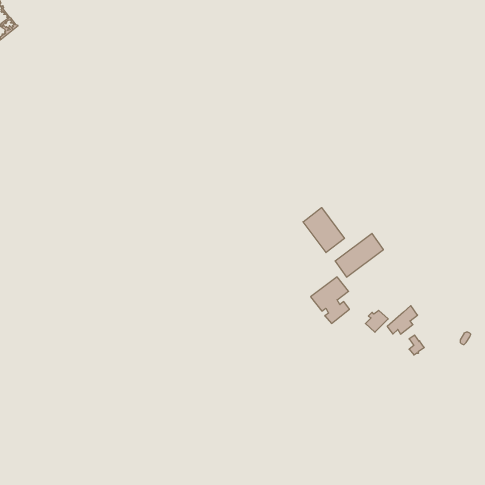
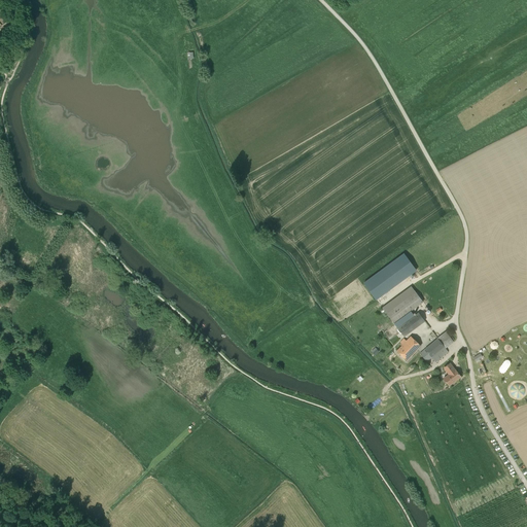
building: [303,208,344,253] -> none
building: [311,277,349,323] -> [382,286,424,337]

